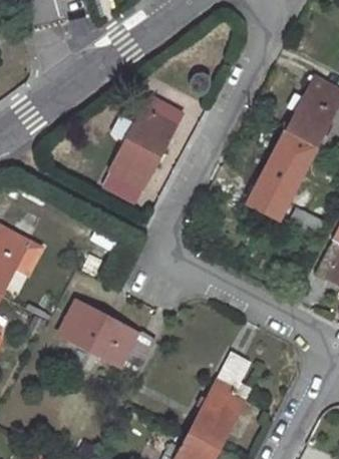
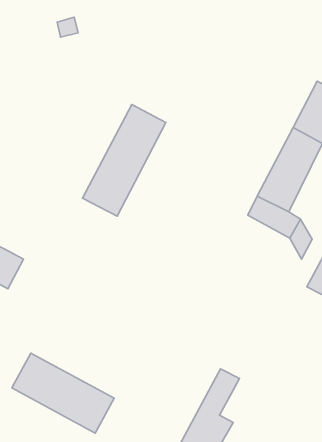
building: [57,300,154,376] -> [12,353,114,433]

